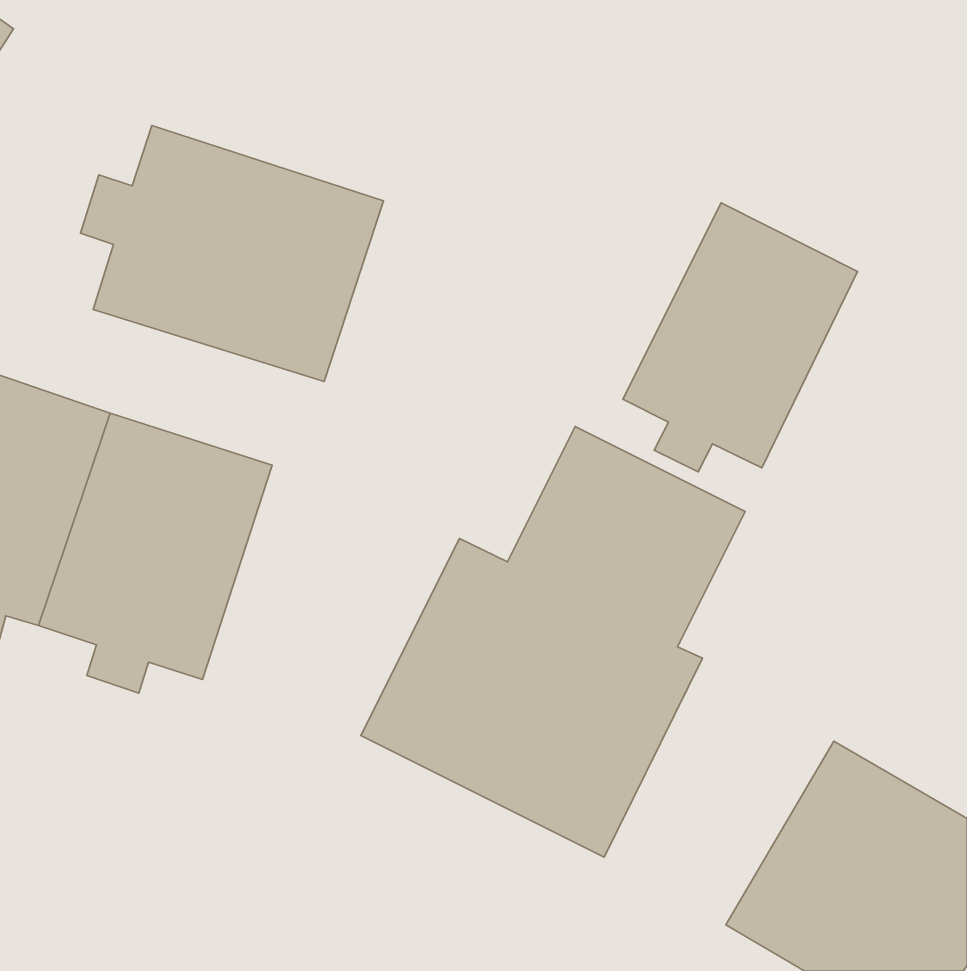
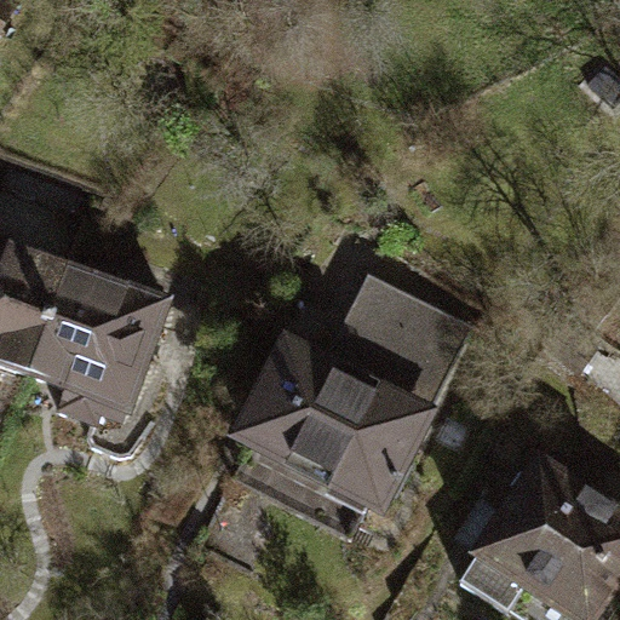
building: [81,126,383,381] -> none
building: [623,203,857,472] -> none

